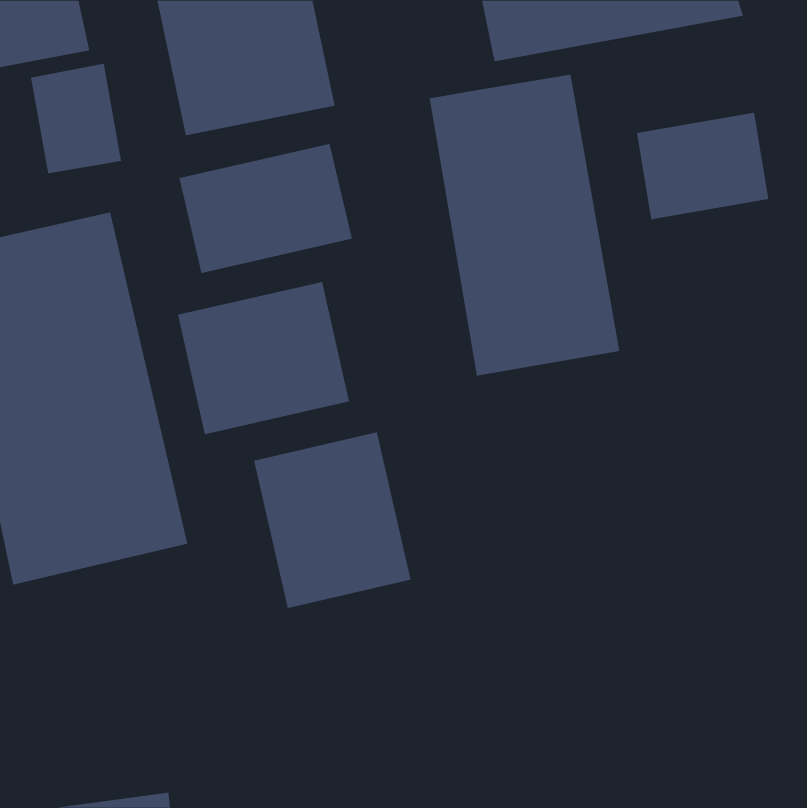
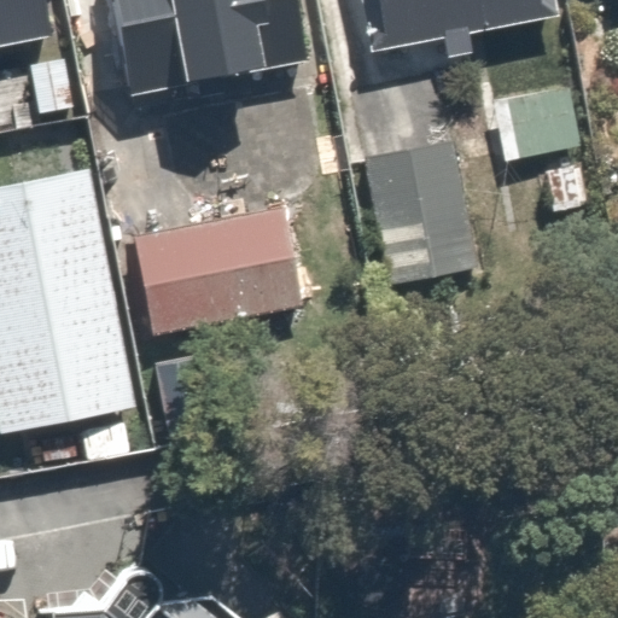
building: [179,143,352,274] -> none
building: [253,431,411,609] -> none

